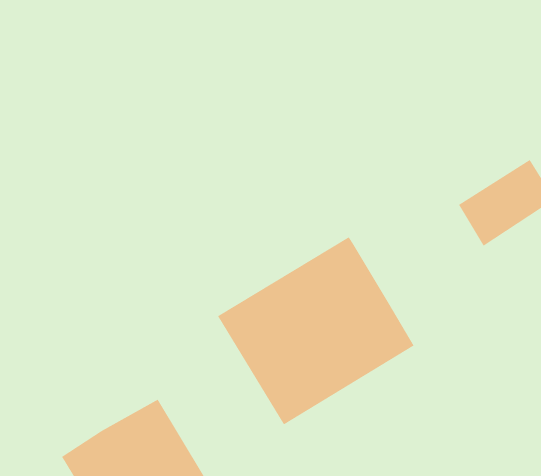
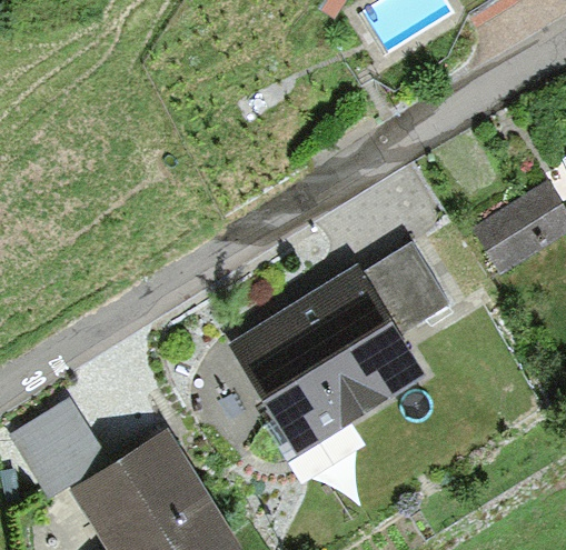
building: none -> [366,240,453,331]
building: none -> [12,398,109,497]

